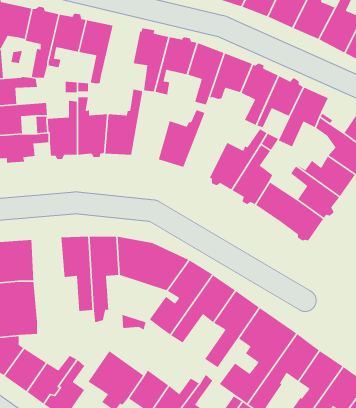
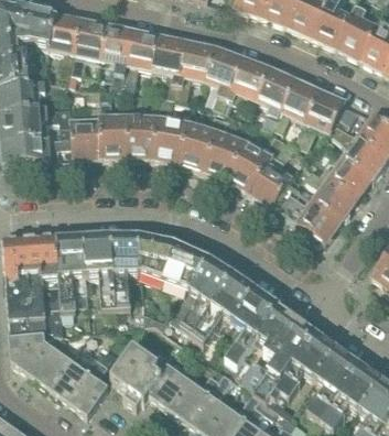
building: none -> [121,30,160,89]
building: none -> [152,94,188,161]
building: none -> [203,115,245,178]
building: none -> [55,236,86,318]

